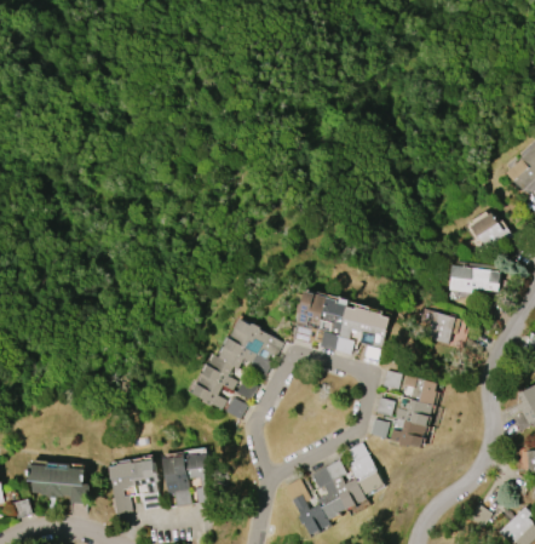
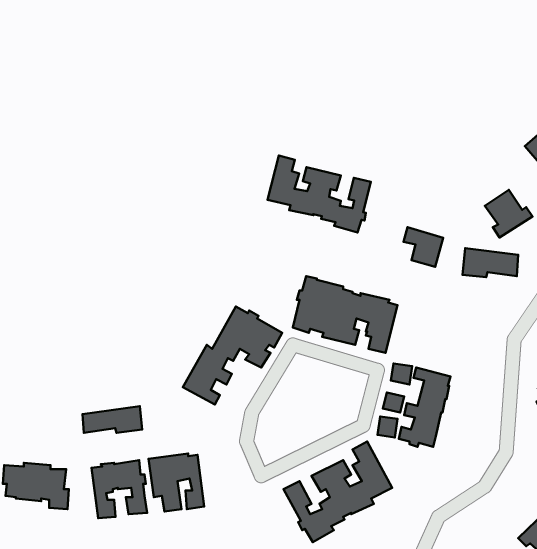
building: none -> [267,155,371,233]
building: [419,307,455,343] -> [404,227,443,267]
building: none -> [82,406,142,433]

